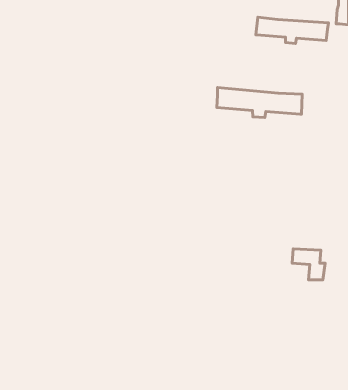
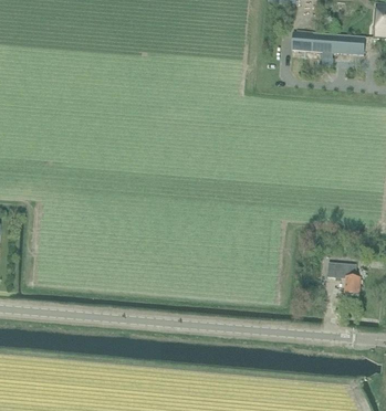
building: [217,88,302,118] -> none

